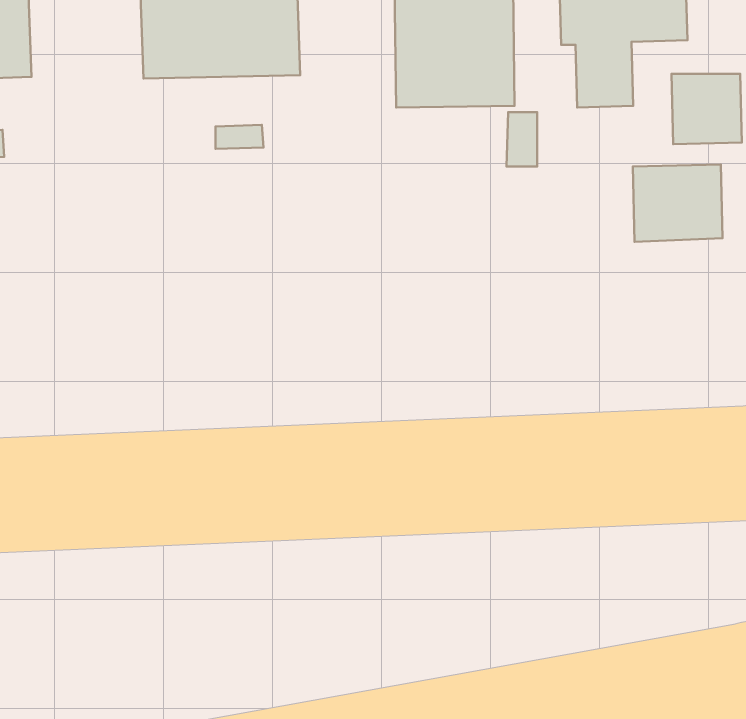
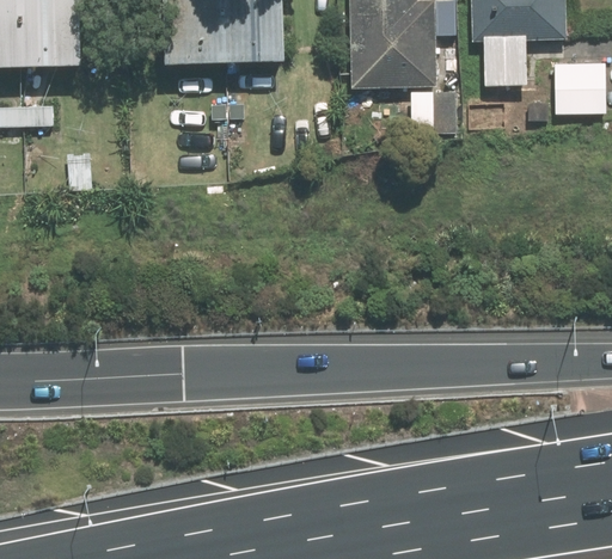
building: [633,165,723,242] -> none

